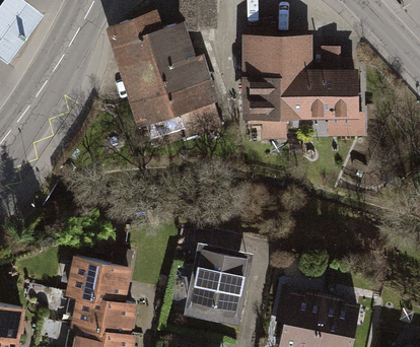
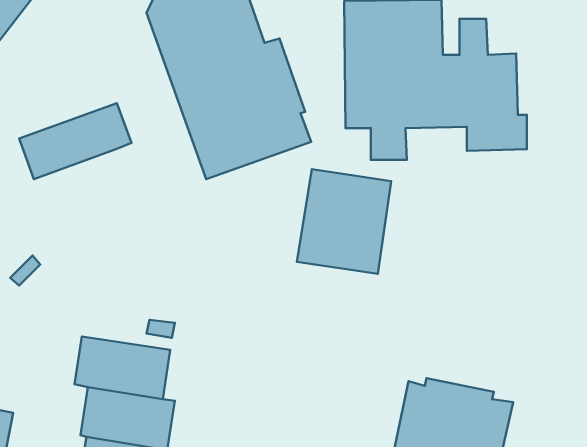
building: none -> [19,103,131,179]
building: [185,248,249,319] -> [297,169,391,274]

